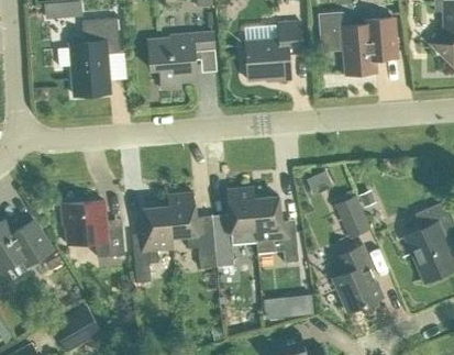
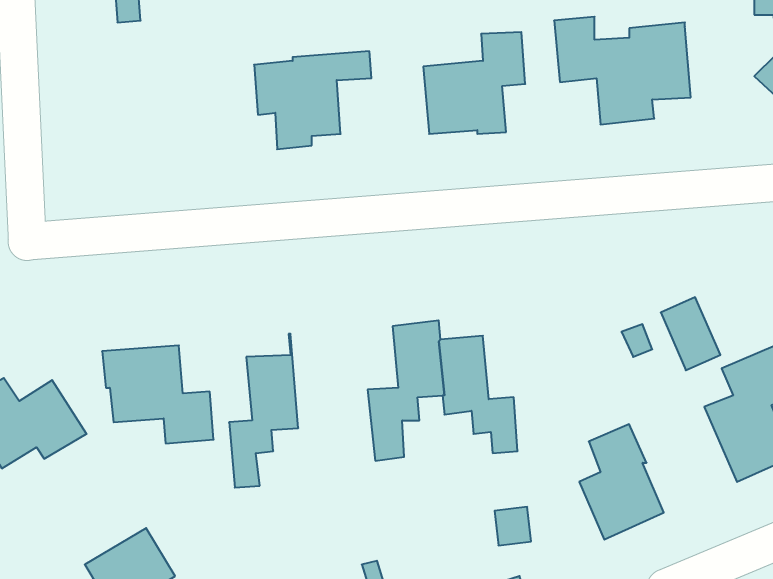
building: [57,18,120,95] -> none
building: [168,191,217,267] -> none
building: [335,195,369,236] -> [661,297,720,370]

